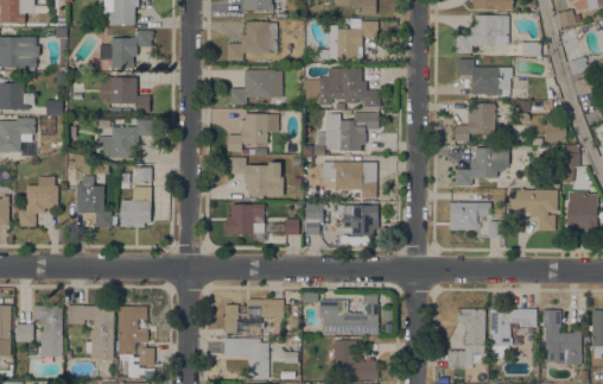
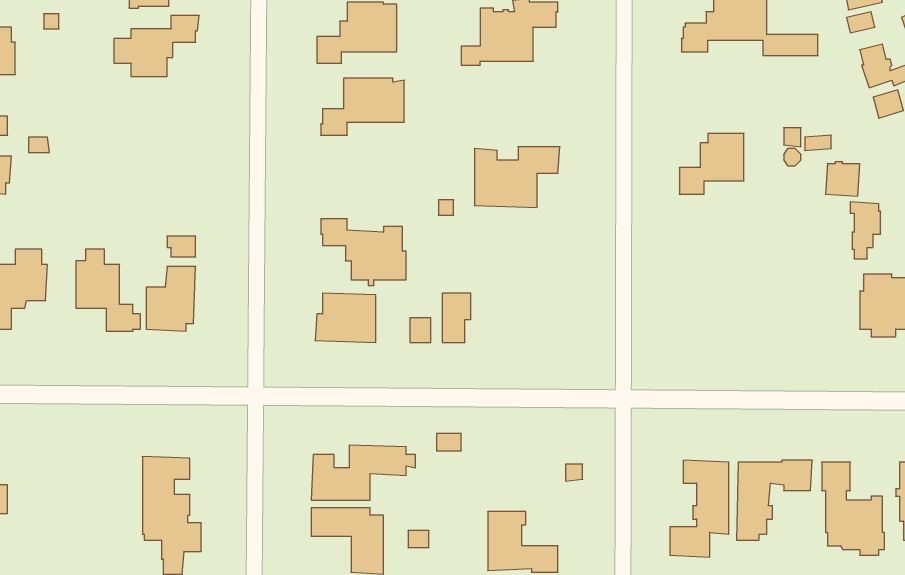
building: [457,58,512,94] -> none
building: [303,68,380,107] -> none
building: [99,76,150,112] -> none
building: [227,113,278,151] -> none
building: [96,118,153,158] -> none
building: [455,147,508,185] -> none
building: [322,162,376,197] -> none
building: [508,188,557,231] -> none
building: [450,202,501,237] -> none
building: [330,204,377,235] -> none
building: [319,292,377,333] -> none
building: [66,304,113,358] -> none
building: [33,306,62,357] -> none

